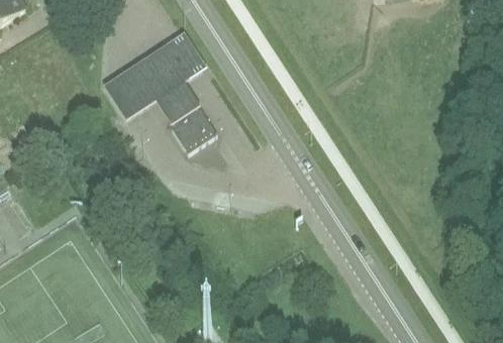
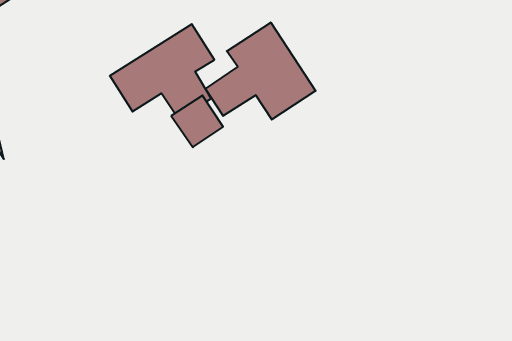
building: none -> [205,22,316,120]

